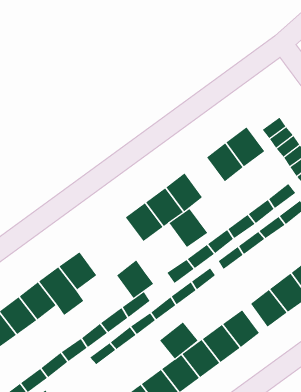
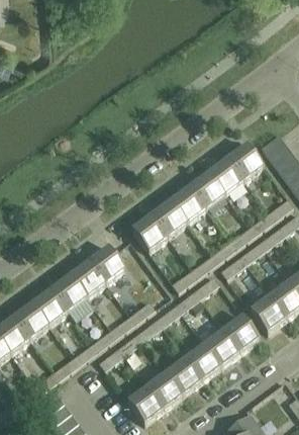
building: [168,208,208,248] -> [187,171,224,208]
building: [116,259,155,299] -> [88,245,124,282]
building: [159,322,199,359] -> none

